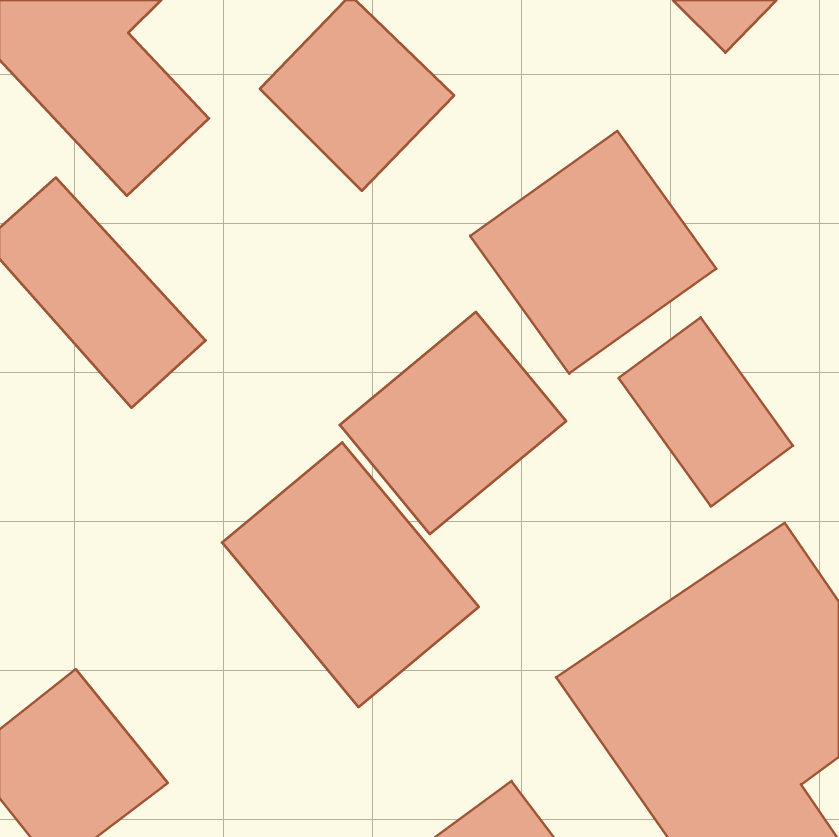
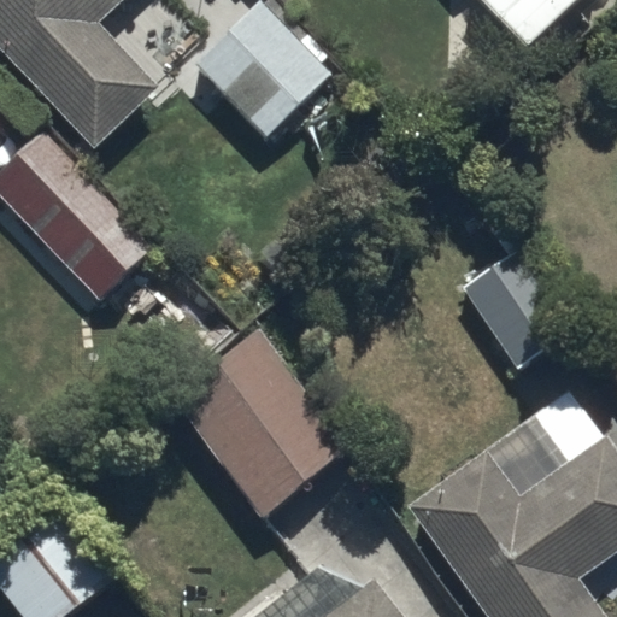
building: [470,131,716,374] -> none
building: [340,312,566,534] -> none

